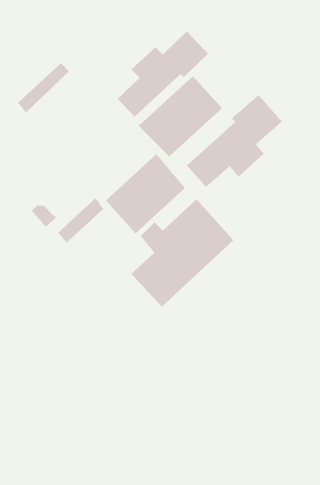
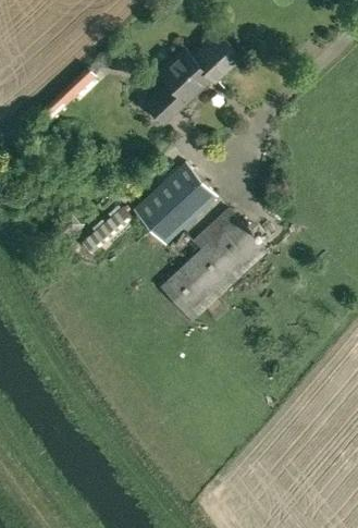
building: [138,76,223,157] -> none
building: [186,94,283,188] -> none

